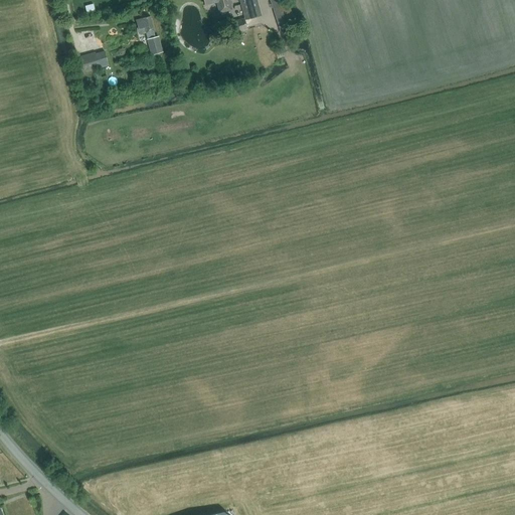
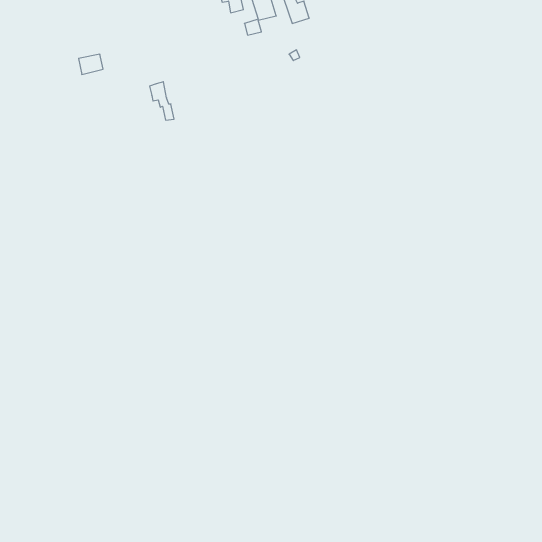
building: [138,16,161,52] -> [150,82,174,120]

